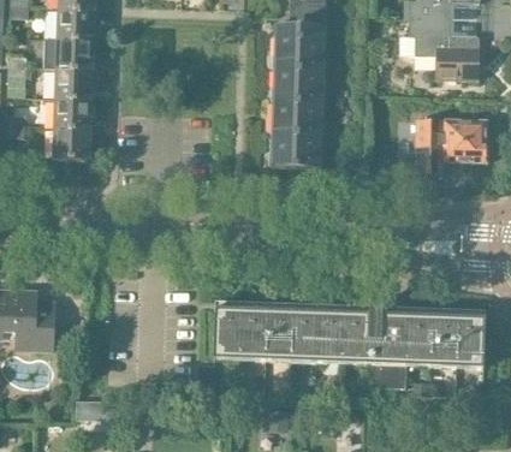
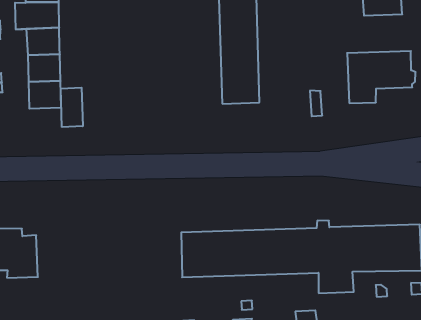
building: none -> [61,88,83,127]

